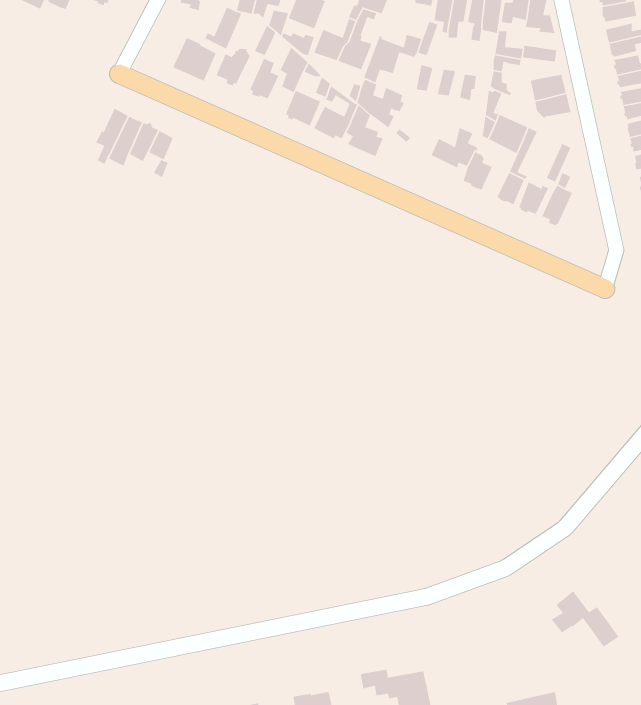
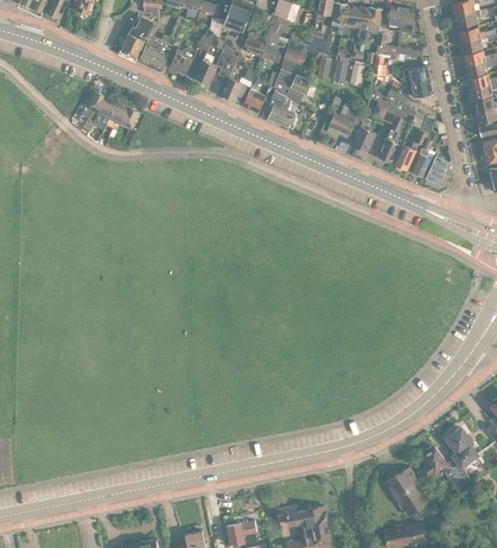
building: none -> [120,14,154,57]
building: none -> [426,154,454,187]
building: none -> [446,427,477,466]
building: none -> [384,465,429,515]

